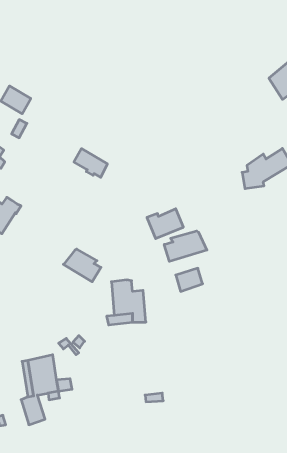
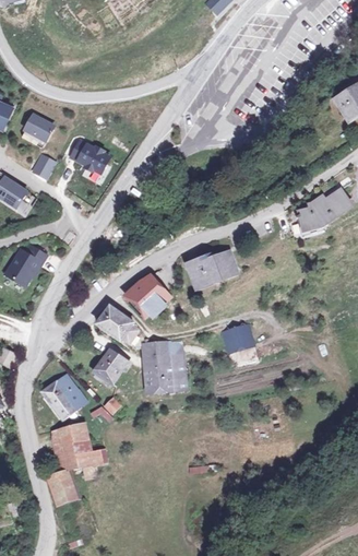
building: [74,149,107,177] -> [71,143,109,176]
building: none -> [130,269,166,309]
building: [164,231,207,261] -> none
building: none -> [91,344,126,385]
building: none -> [41,371,88,417]

